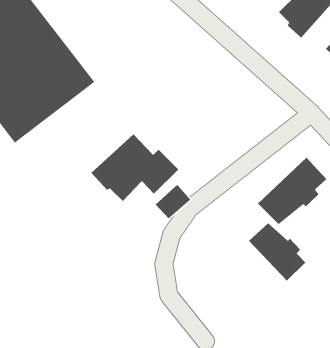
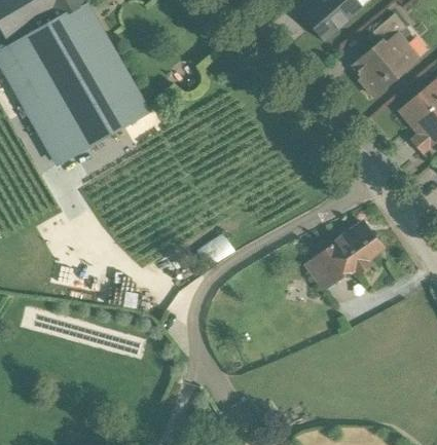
building: [90,133,179,202] -> none
building: [248,223,306,281] -> none

